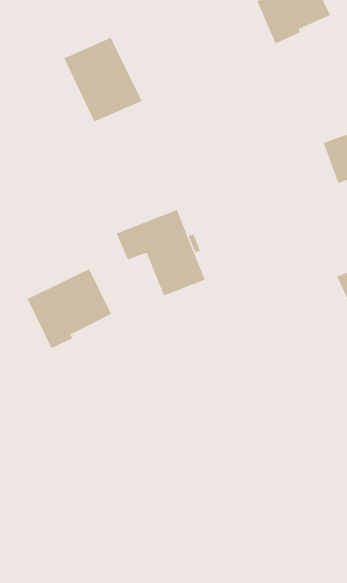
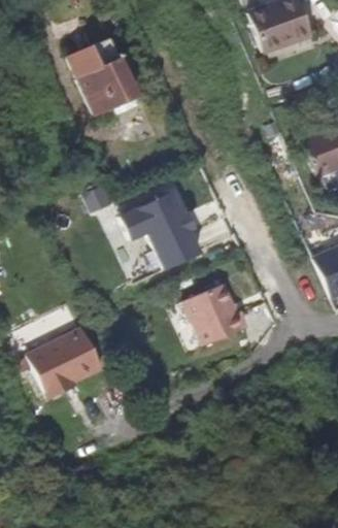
building: [27,269,112,349] -> [28,329,103,400]
building: none -> [187,289,249,351]

